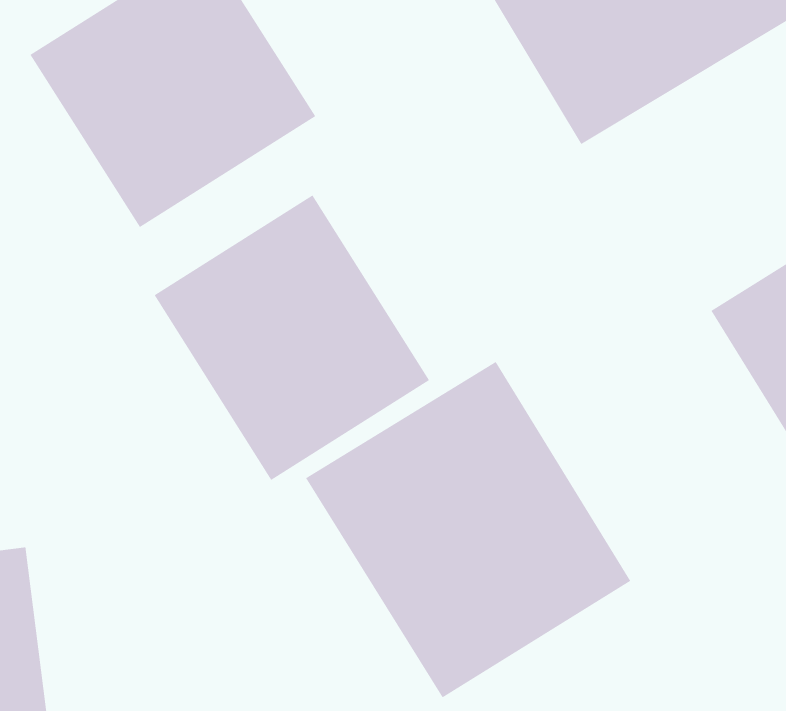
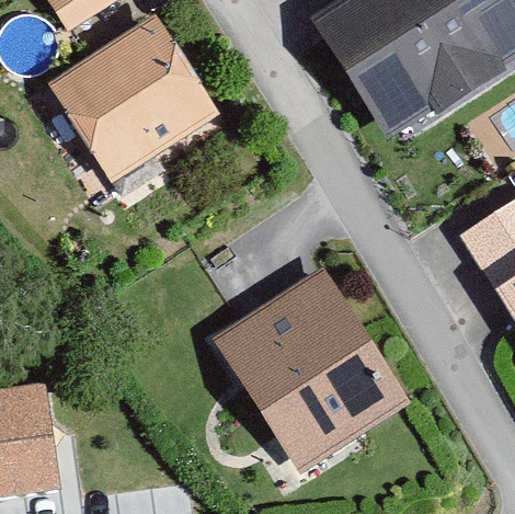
building: [154,194,430,481] -> none

